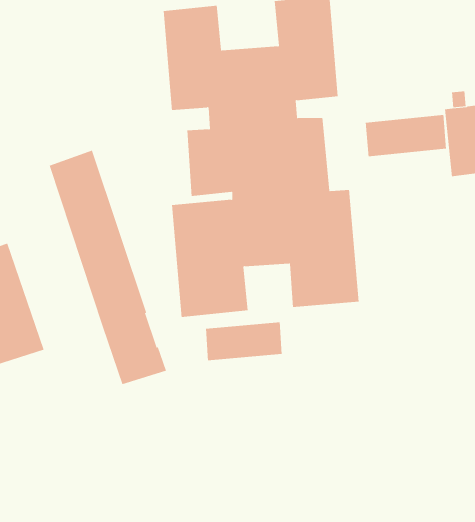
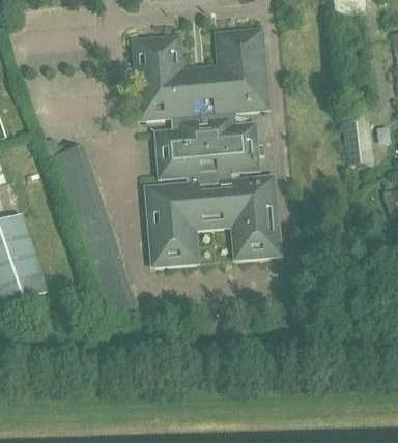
building: [365,114,447,157] -> none
building: [206,322,282,361] -> none

